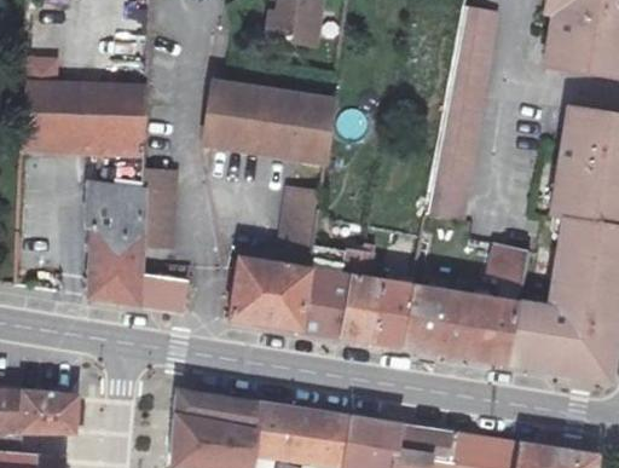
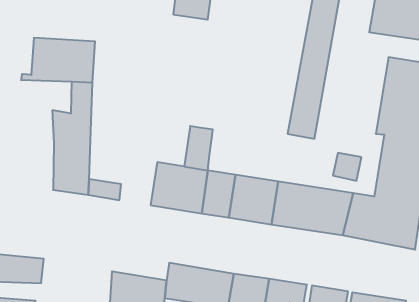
building: [24,76,60,138] -> none
building: [206,83,332,163] -> none
building: [173,389,255,427] -> none

